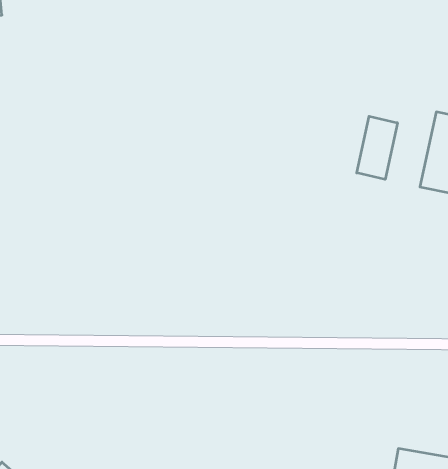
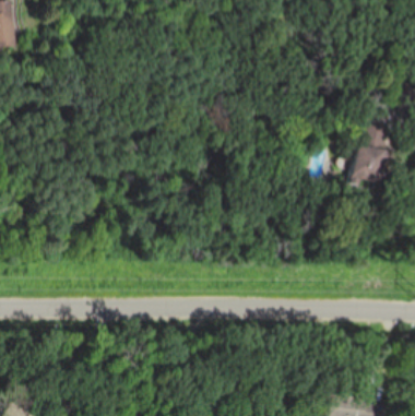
building: [357,116,397,179] -> none

